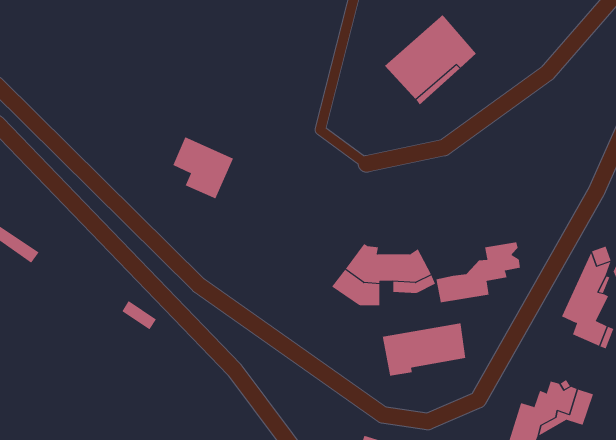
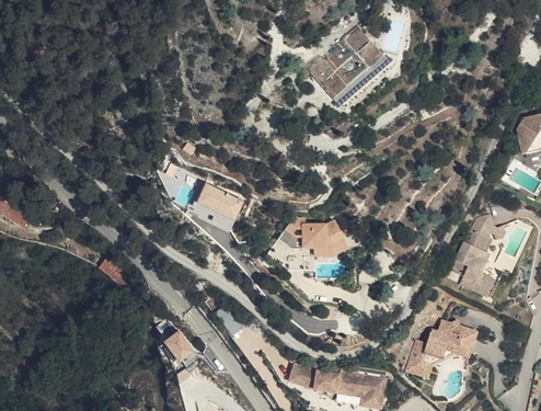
building: [172,137,234,199] -> [195,178,244,228]
building: [436,241,521,303] -> none
building: [382,323,466,376] -> none
building: none -> [163,327,196,362]

